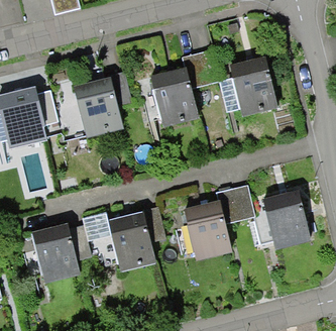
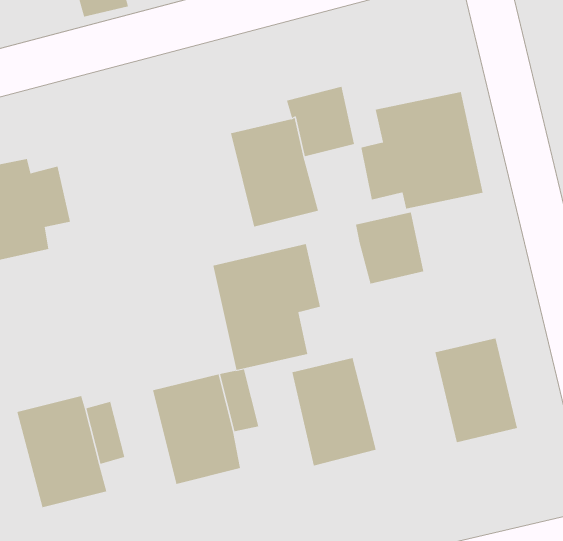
building: [71,70,131,140] -> [212,244,321,370]
building: [213,183,251,223] -> [355,212,424,284]

